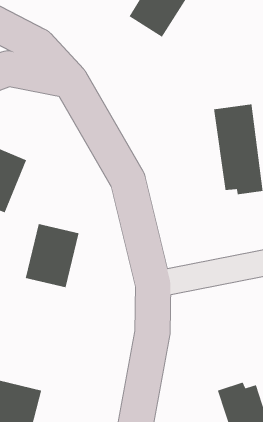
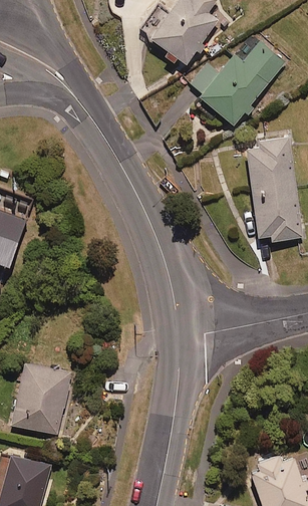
building: none -> [189,43,286,123]
building: [25,223,79,288] -> [9,362,71,437]

